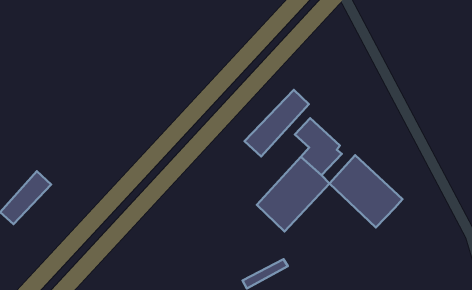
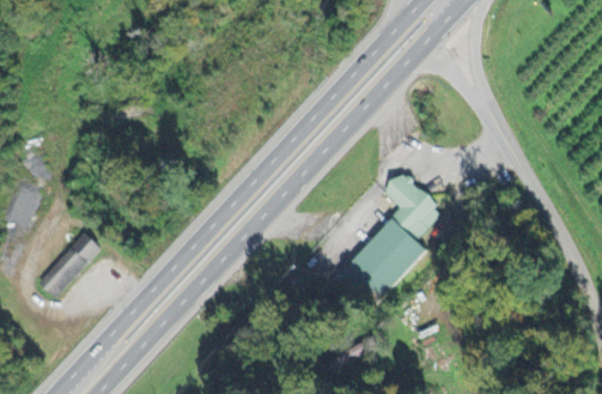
building: [245,90,309,156] -> none
building: [330,155,402,227] -> none

